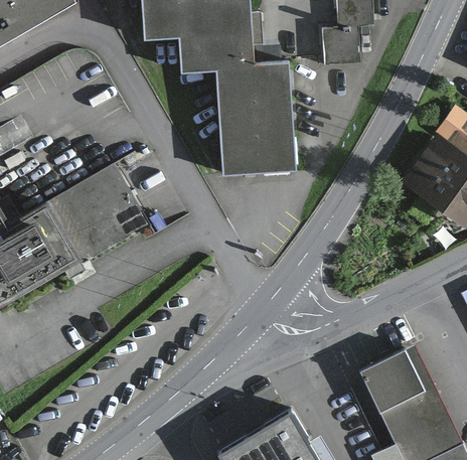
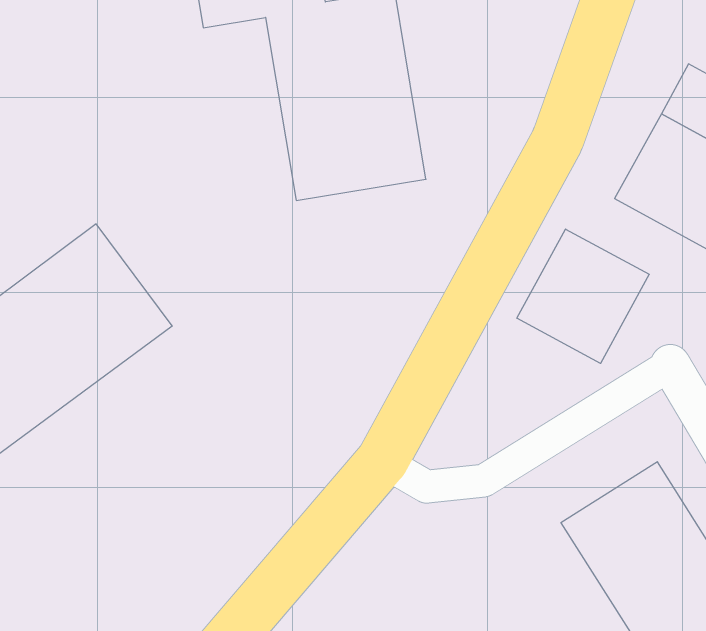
building: none -> [517,229,649,363]

